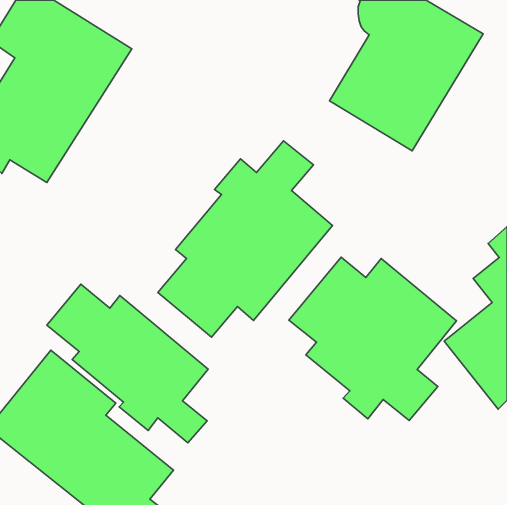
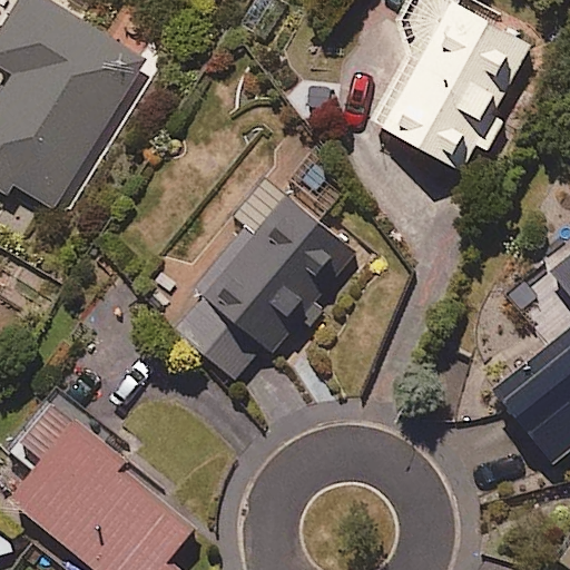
building: [289,257,457,420] -> none
building: [47,284,208,443] -> none

